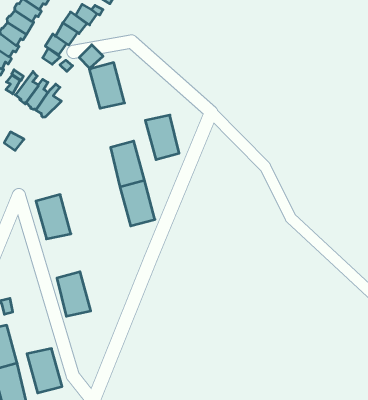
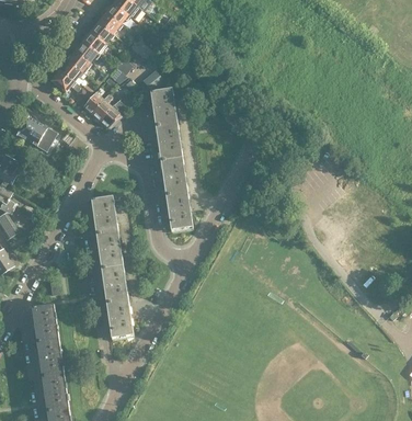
building: [145,115,179,160] -> [156,123,182,160]
building: none -> [96,231,123,269]
building: [27,349,62,393] -> [106,300,134,338]

